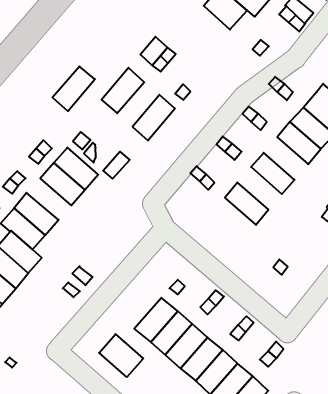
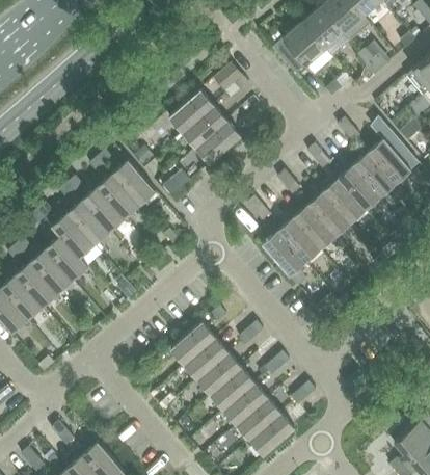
building: [52,66,95,111] -> [183,106,227,149]
building: none -> [323,179,366,223]
building: none -> [293,205,335,249]
building: none -> [82,187,125,231]
building: none -> [263,232,306,286]
building: [99,334,143,377] -> none

